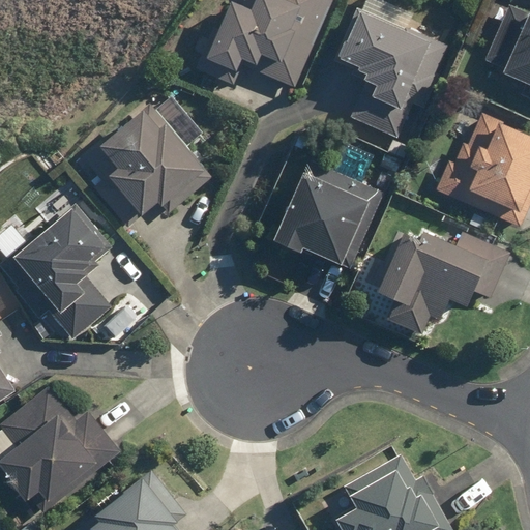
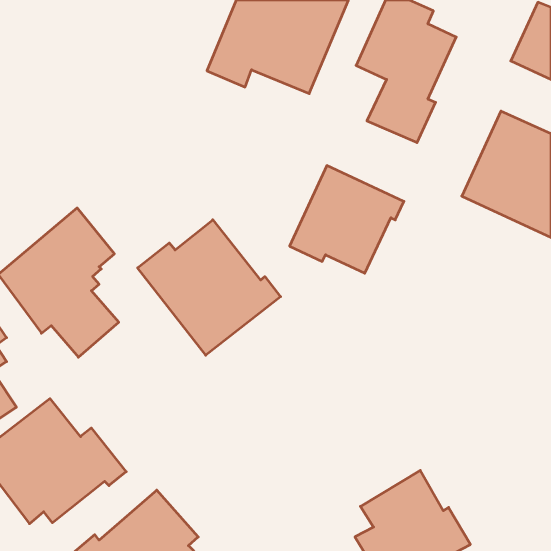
building: [85,93,209,231] -> none
building: none -> [138,220,281,355]
building: [380,232,512,337] -> none

